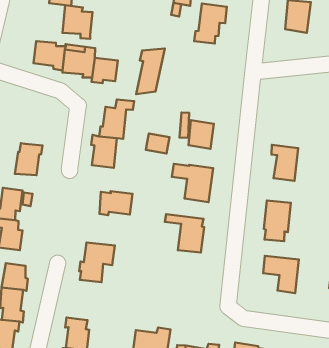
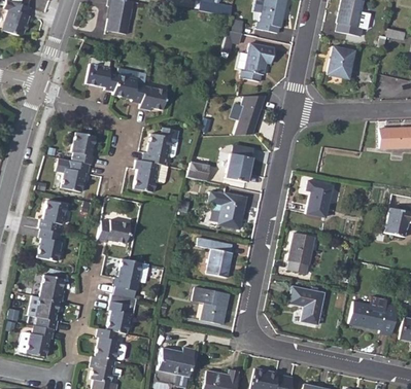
building: [62,5,92,39] -> none
building: [136,49,165,94] -> [235,95,266,136]
building: none -> [70,132,94,166]
building: [99,191,132,215] -> [98,220,131,244]
building: none -> [194,288,230,325]
building: none -> [107,294,137,337]

